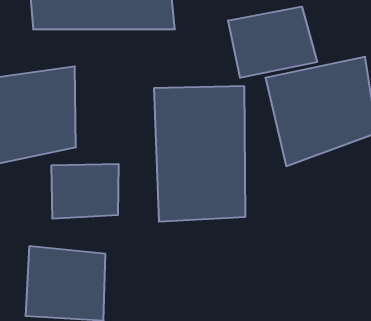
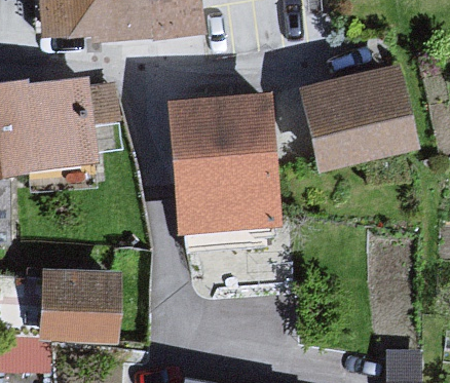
building: [228,7,317,78] -> none
building: [52,164,119,219] -> none

